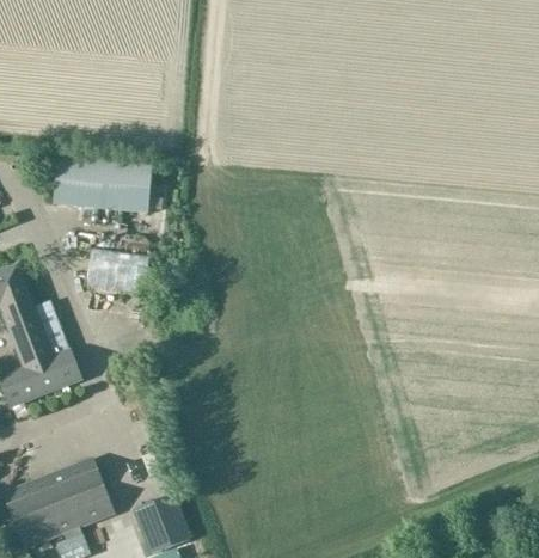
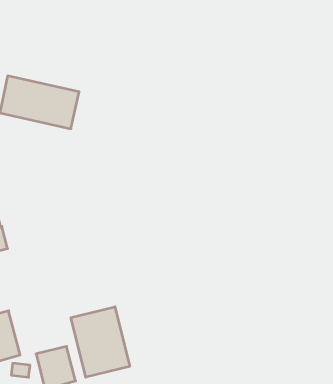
building: [84,245,149,294] -> none
building: none -> [71,307,130,377]

